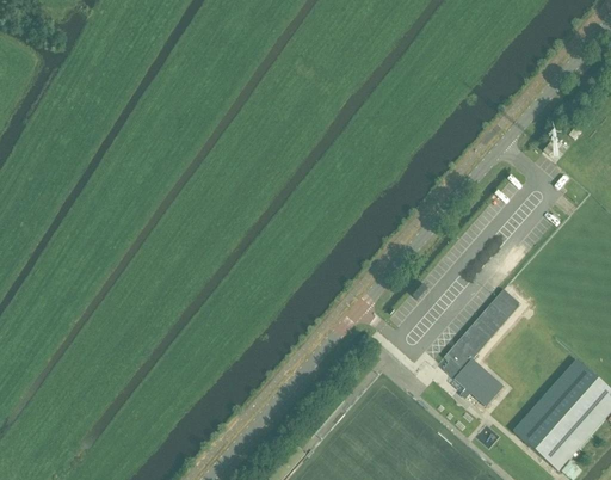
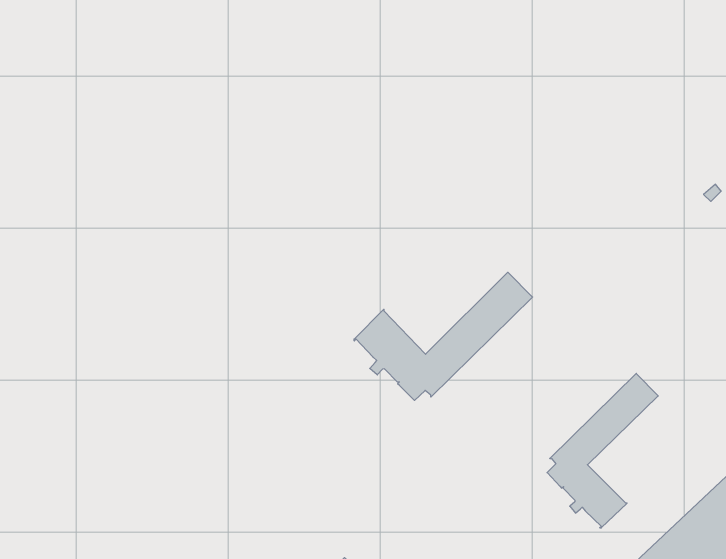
building: none -> [354,272,533,400]

